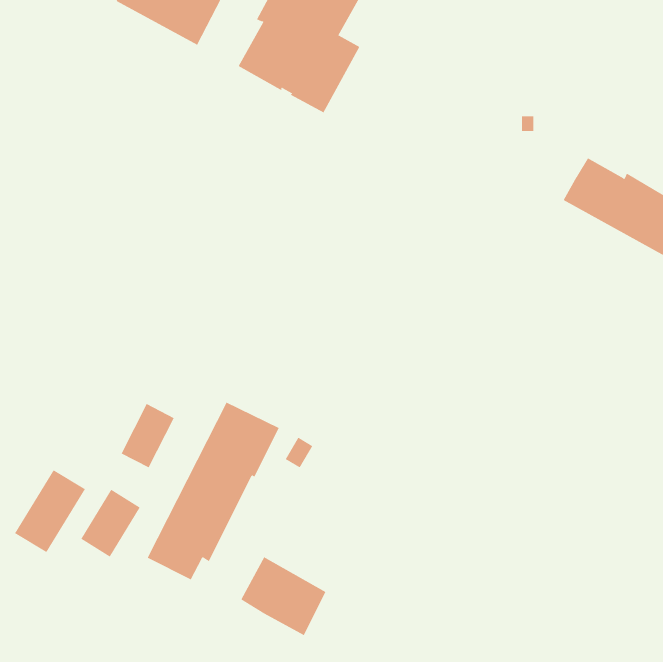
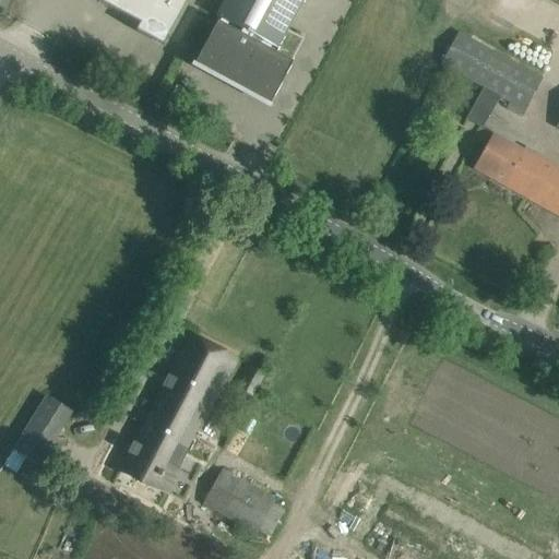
building: none -> [440,31,543,127]
building: [121,403,175,468] -> none
building: [81,489,141,557] -> none

